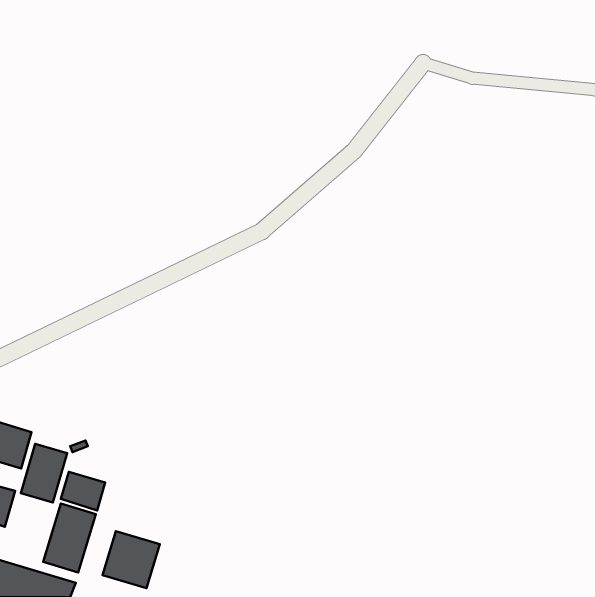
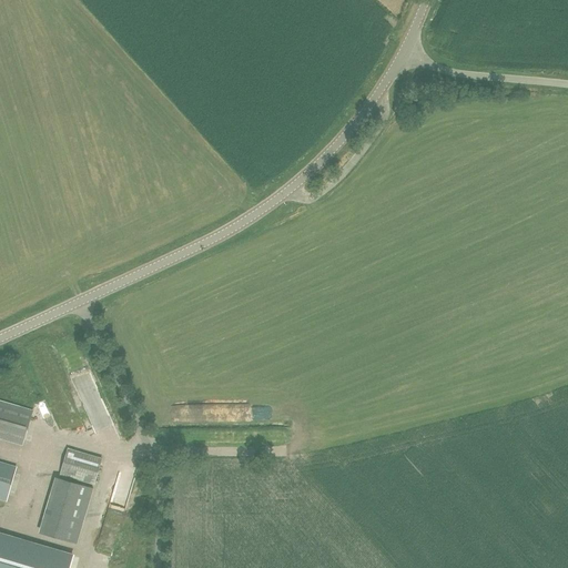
building: [21,444,67,503] -> none
building: [103,531,160,588] -> none

